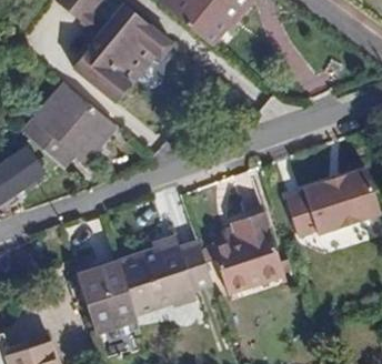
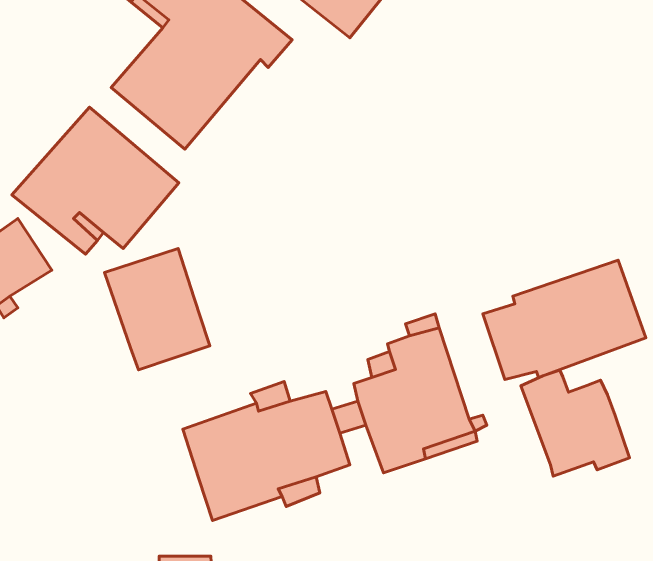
building: none -> [521,370,629,476]
building: [77,262,135,330] -> [105,249,210,370]

